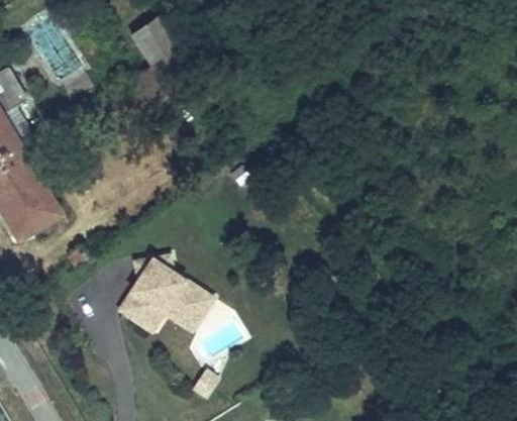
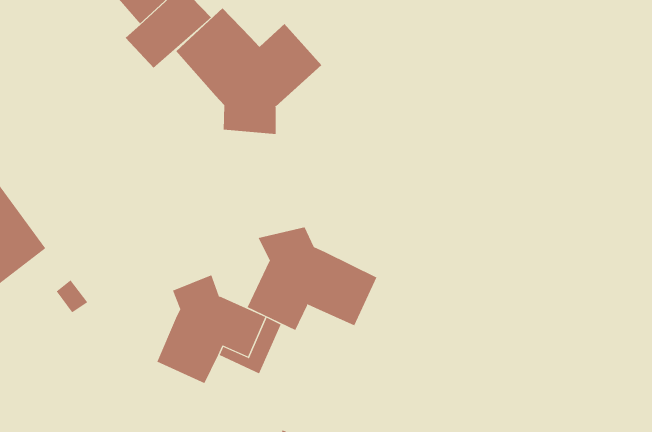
building: none -> [175,8,322,135]
building: none -> [247,226,377,331]

